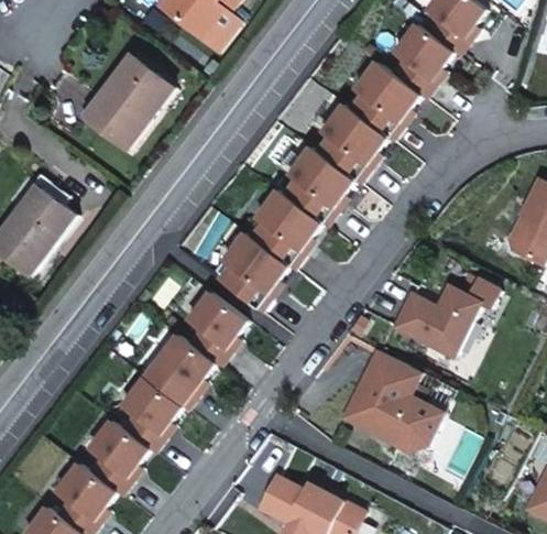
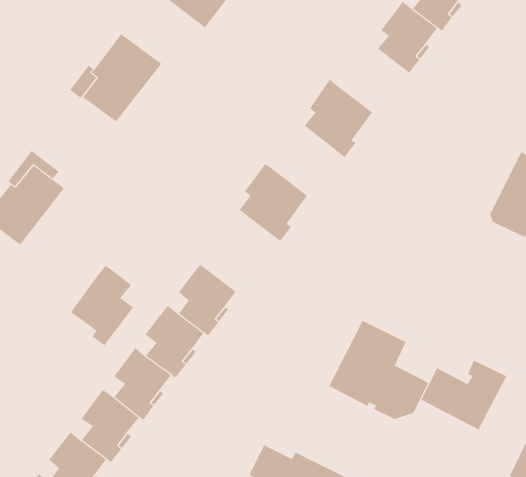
building: [349,59,419,140] -> none
building: [283,145,353,226] -> none
building: [217,231,288,310] -> none
building: [394,285,482,357] -> [421,360,507,430]
building: none -> [70,265,134,346]

